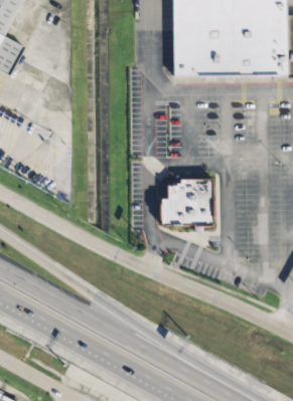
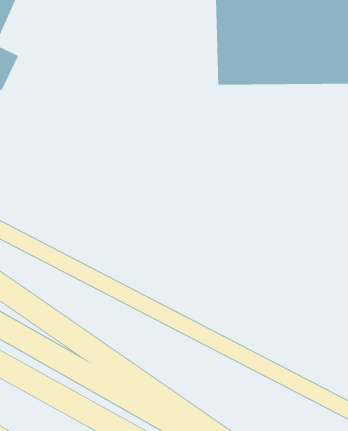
building: [168,174,223,221] -> none

